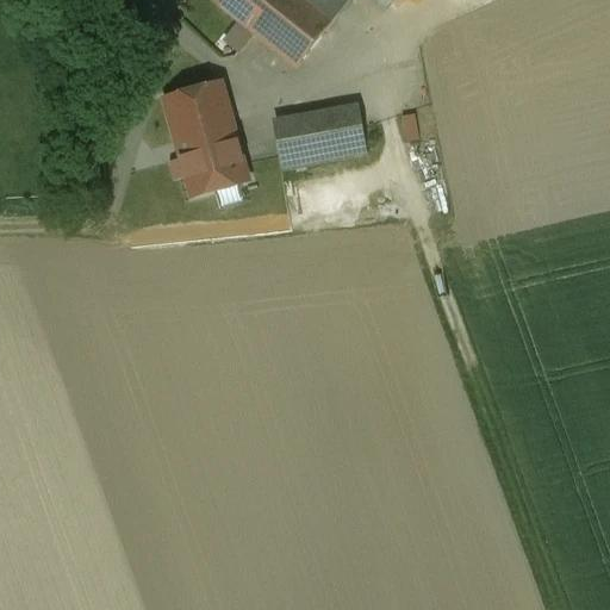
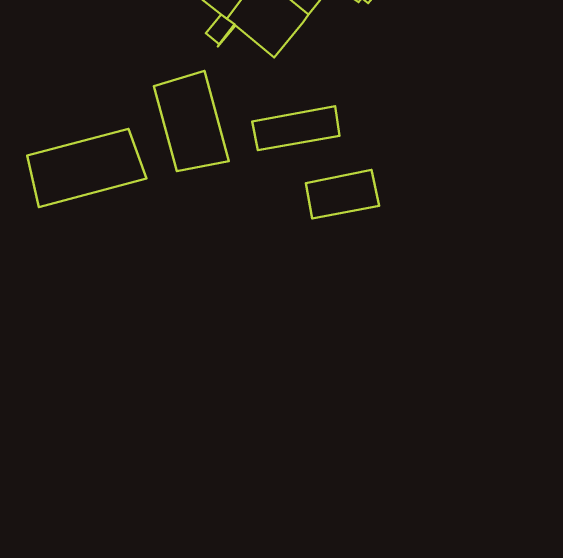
building: none -> [27,129,146,207]
building: none -> [306,170,379,218]

